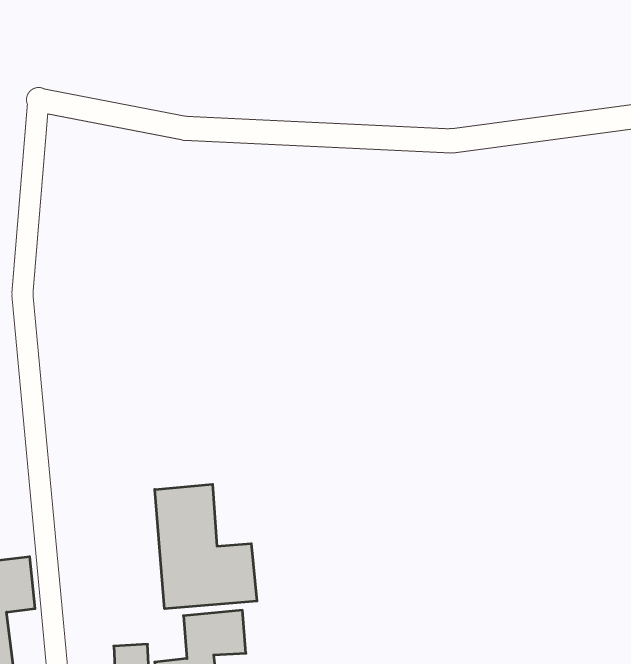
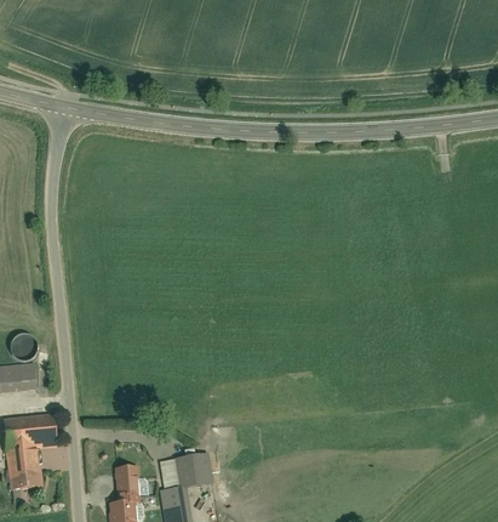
building: [155,484,257,609] -> none

